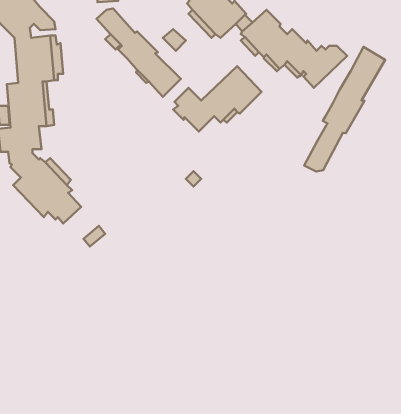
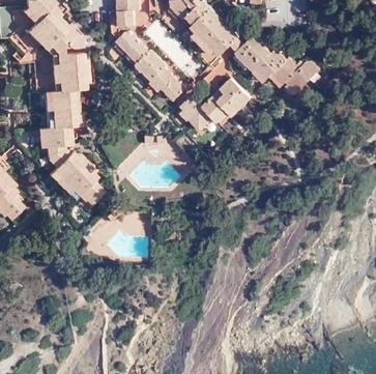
building: [304,47,385,172] -> none

